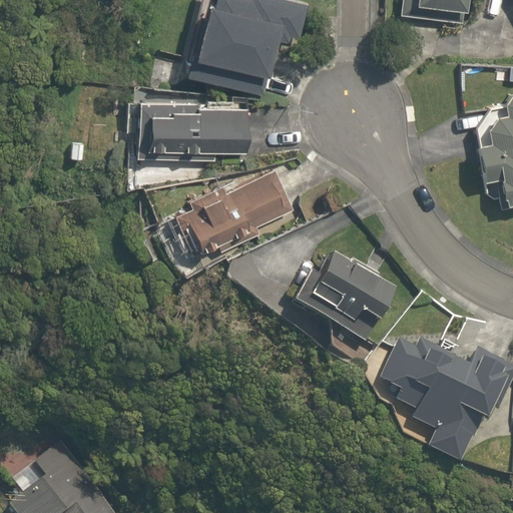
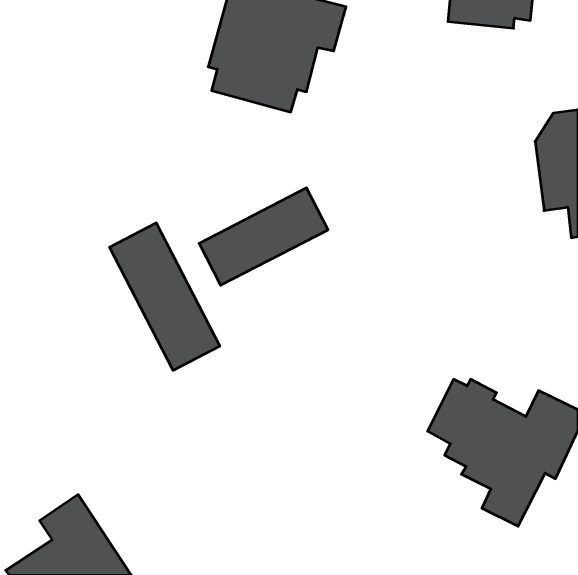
building: [124,98,251,164] -> none
building: none -> [110,223,220,370]
building: [293,249,400,362] -> none

